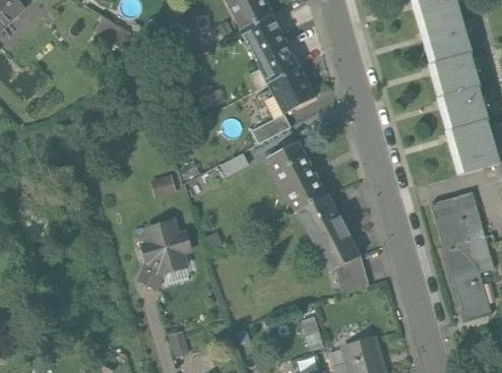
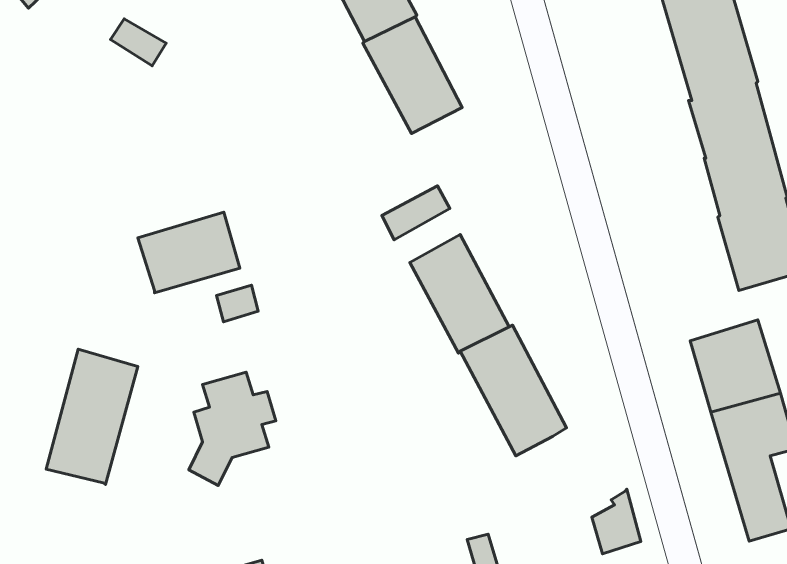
building: [269,67,315,113] -> none
building: none -> [138,212,240,293]
building: none -> [46,349,138,484]
building: [340,253,369,291] -> [592,489,641,554]

